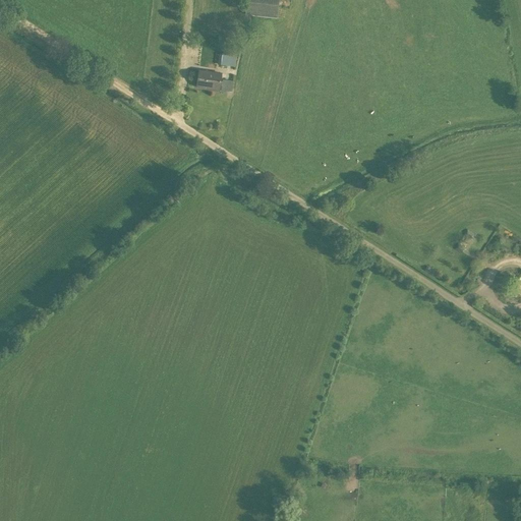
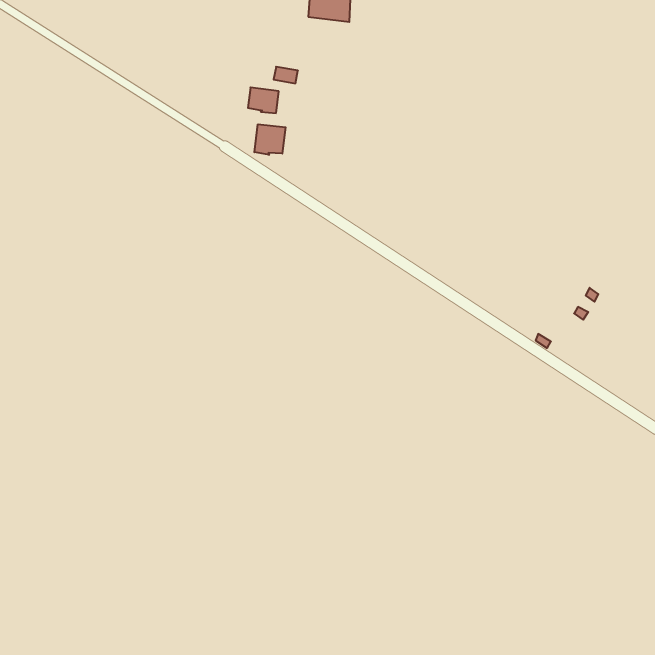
building: none -> [254,124,286,155]

